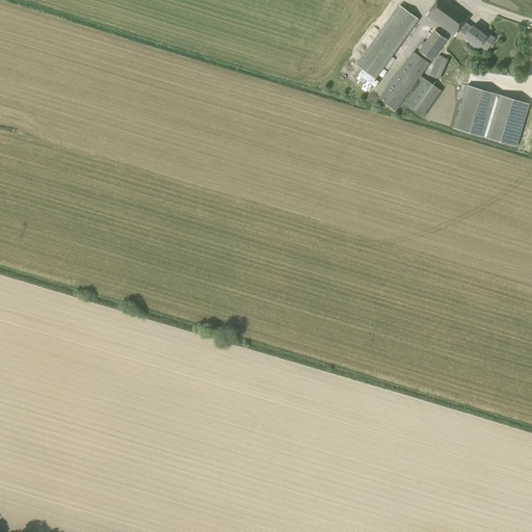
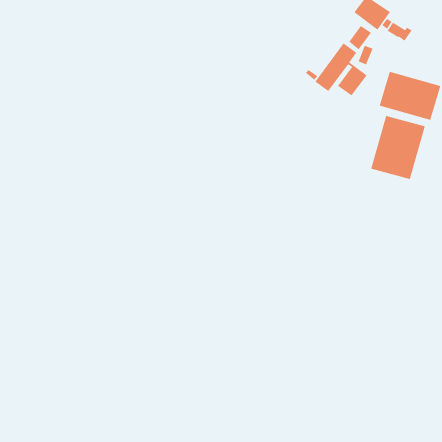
building: [355,5,418,78] -> none
building: none -> [370,115,426,180]

